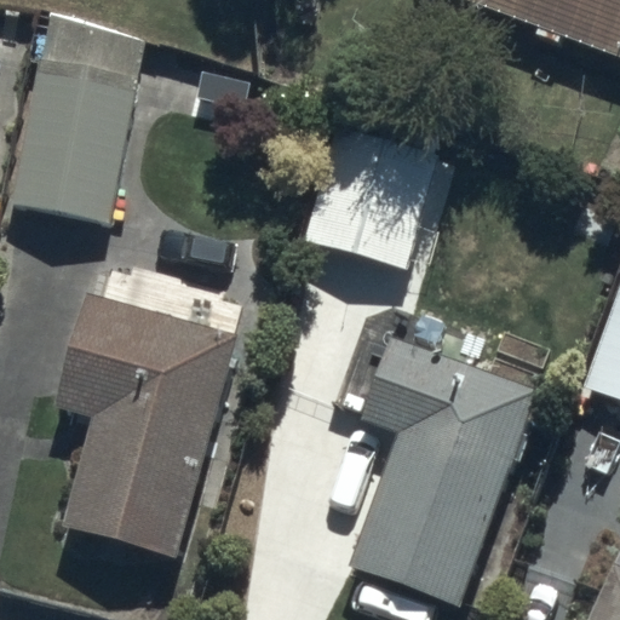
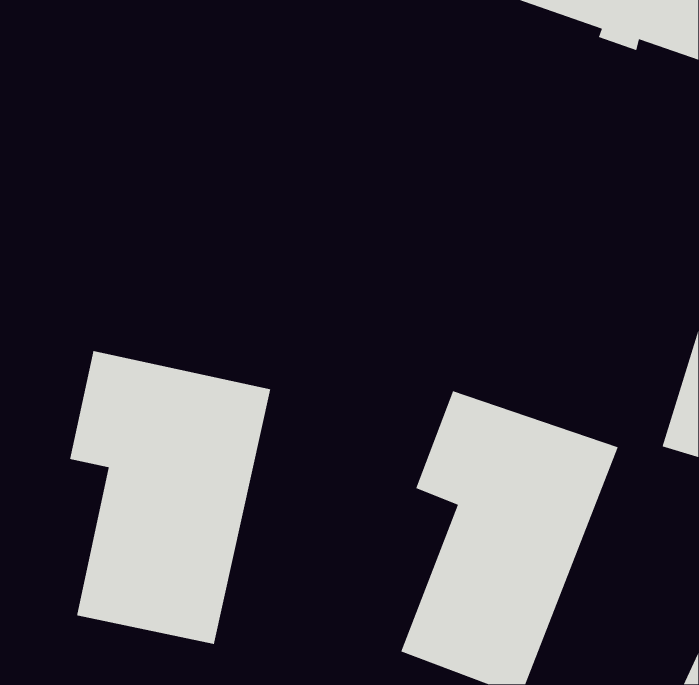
building: [6,15,145,220] -> none
building: [302,125,435,269] -> none

